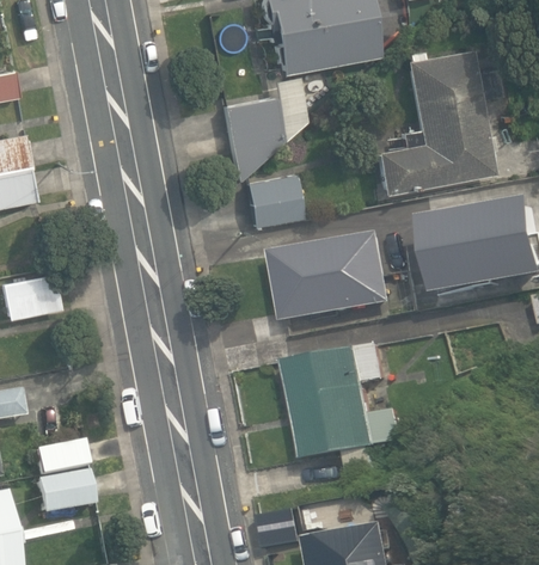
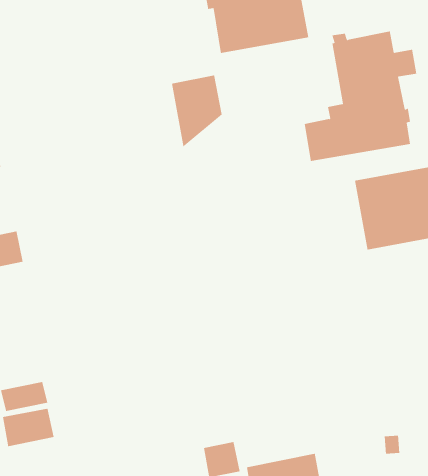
building: [246,173,302,227] -> none
building: [272,229,394,324] -> none
building: [287,343,388,459] -> none

